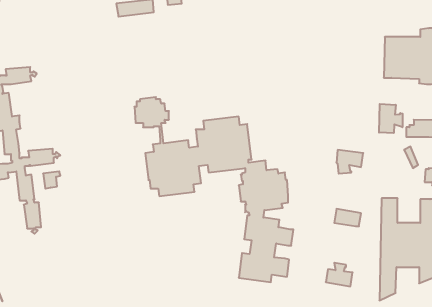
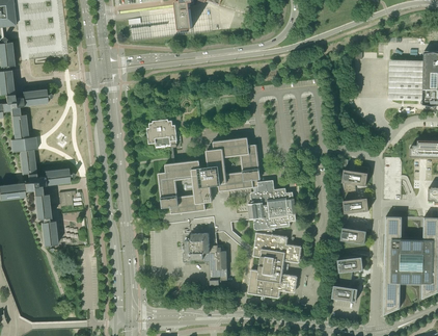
building: [379,104,403,133] -> none
building: none -> [343,190,367,212]
building: none -> [183,232,226,284]
building: none -> [336,256,362,280]

